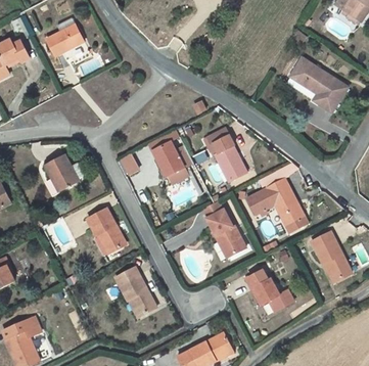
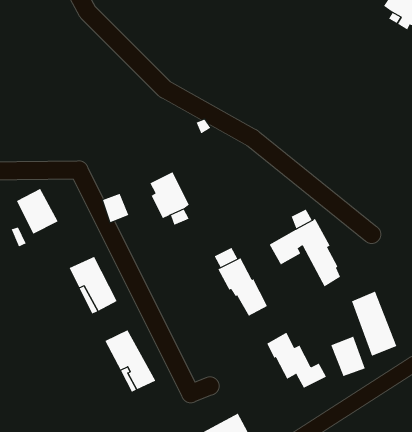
building: [49,17,91,59] -> none
building: [288,60,350,117] -> none
building: [210,128,244,174] -> none
building: none -> [331,336,366,377]

